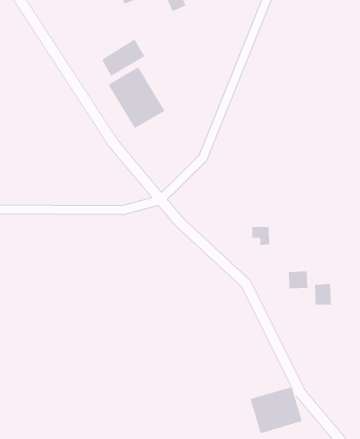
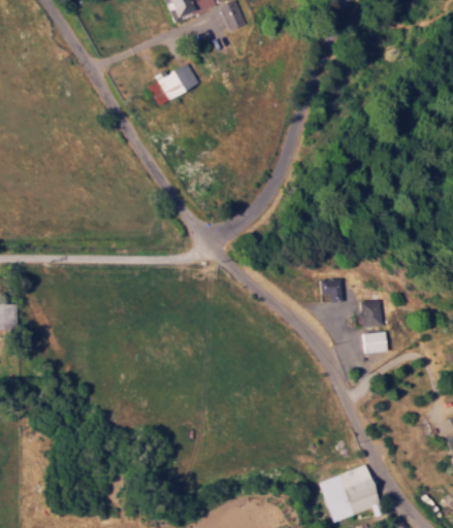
building: [108,66,165,129] -> none
building: [314,283,332,305] -> [361,300,382,326]

